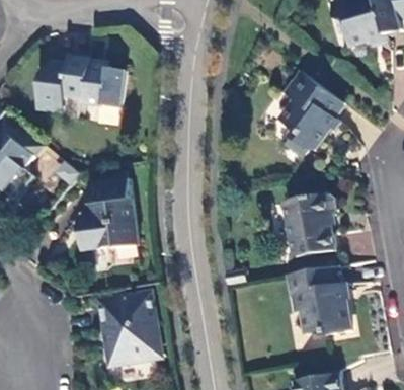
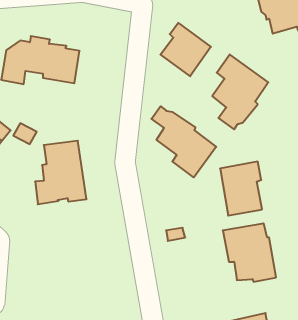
building: none -> [160,23,211,76]
building: none -> [151,106,216,177]
building: [102,291,160,364] -> none

